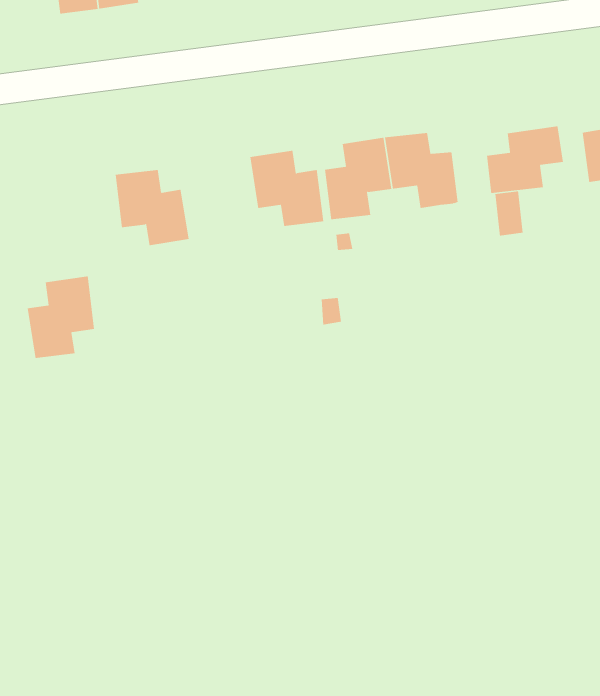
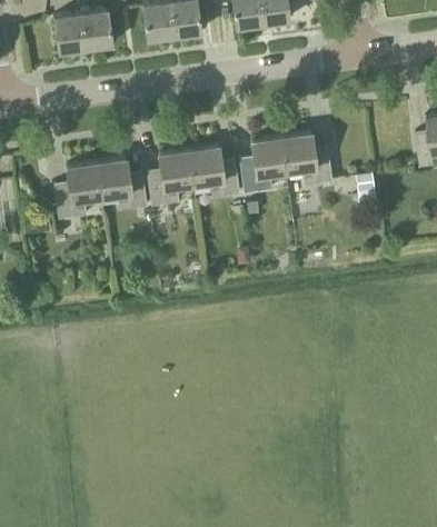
building: [487,126,564,194] -> none
building: none -> [147,149,193,206]
building: [27,276,95,358] -> [53,161,100,218]

